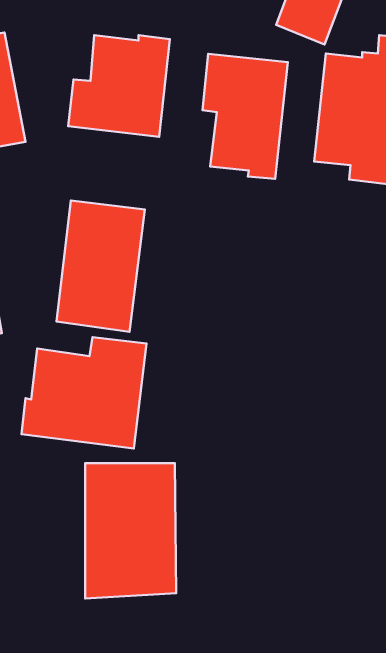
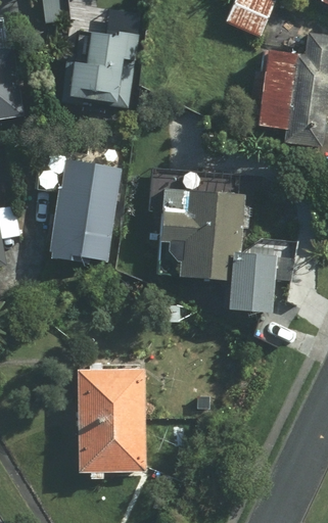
building: [202,54,288,179] -> none
building: none -> [156,186,275,315]
building: [22,337,147,449] -> none

